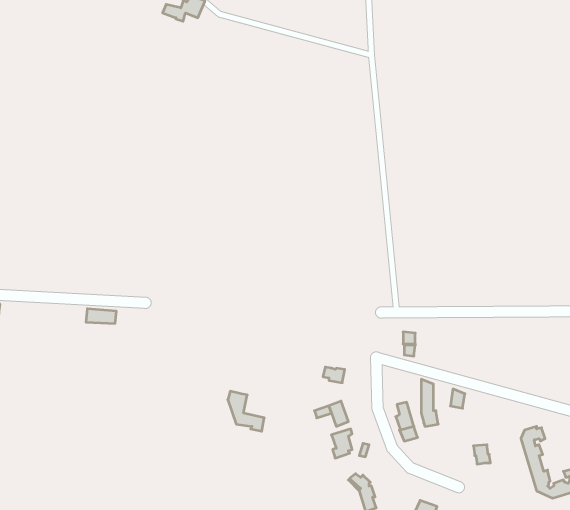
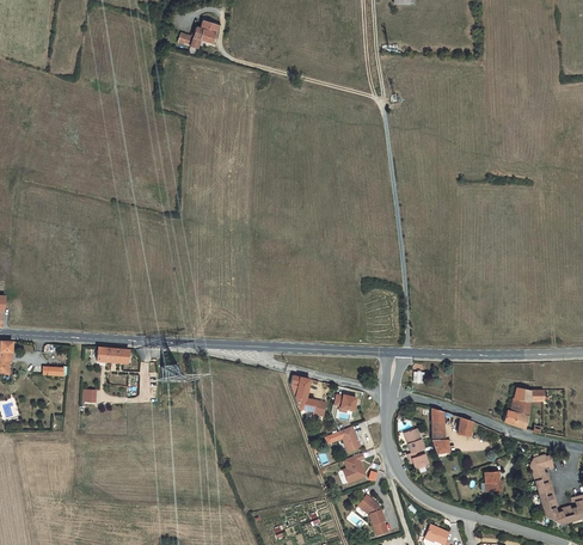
building: none -> [507,386,545,427]
building: [228,391,264,431] -> [292,375,327,415]

